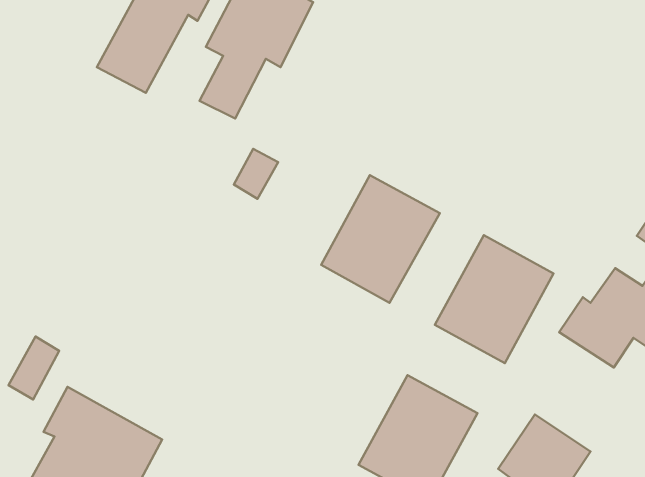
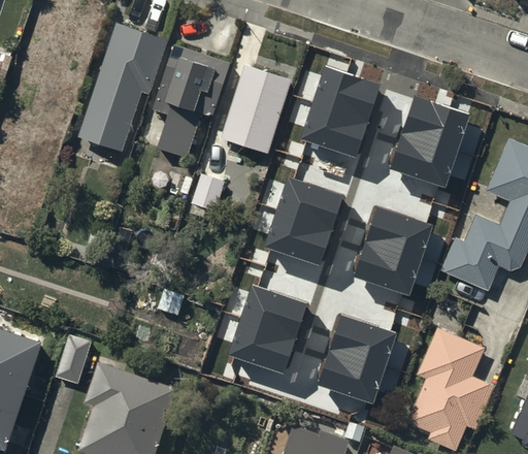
building: none -> [227,67,288,151]
building: none -> [302,67,381,156]
building: none -> [391,97,469,186]
building: none -> [229,287,307,376]

